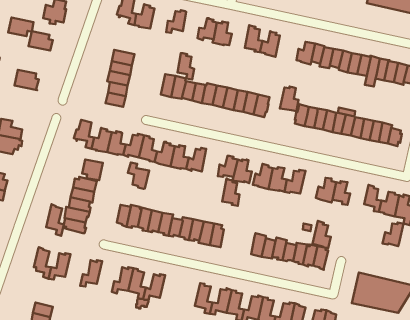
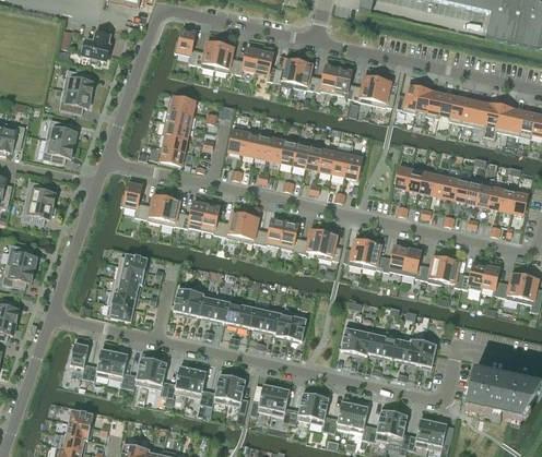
building: none -> [214,43,236,73]
building: [8,18,34,36] -> [58,91,90,113]
building: none -> [313,63,338,93]
building: [177,53,194,80] -> [255,48,275,81]
building: none -> [42,140,73,164]
building: [280,87,298,111] -> [370,76,393,107]
building: [82,159,103,180] -> none
building: [128,162,149,189] -> none
building: [222,179,240,206] -> [279,218,301,252]
building: [46,204,64,236] -> [108,349,130,388]
building: [312,221,331,248] -> [401,245,424,279]
building: [382,223,404,246] -> [460,262,486,291]
building: none -> [148,358,169,396]
building: none -> [226,375,248,413]
building: none -> [249,384,276,416]

